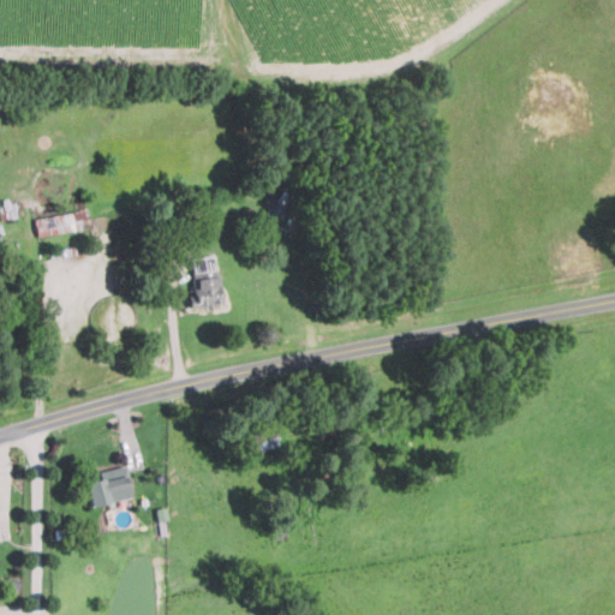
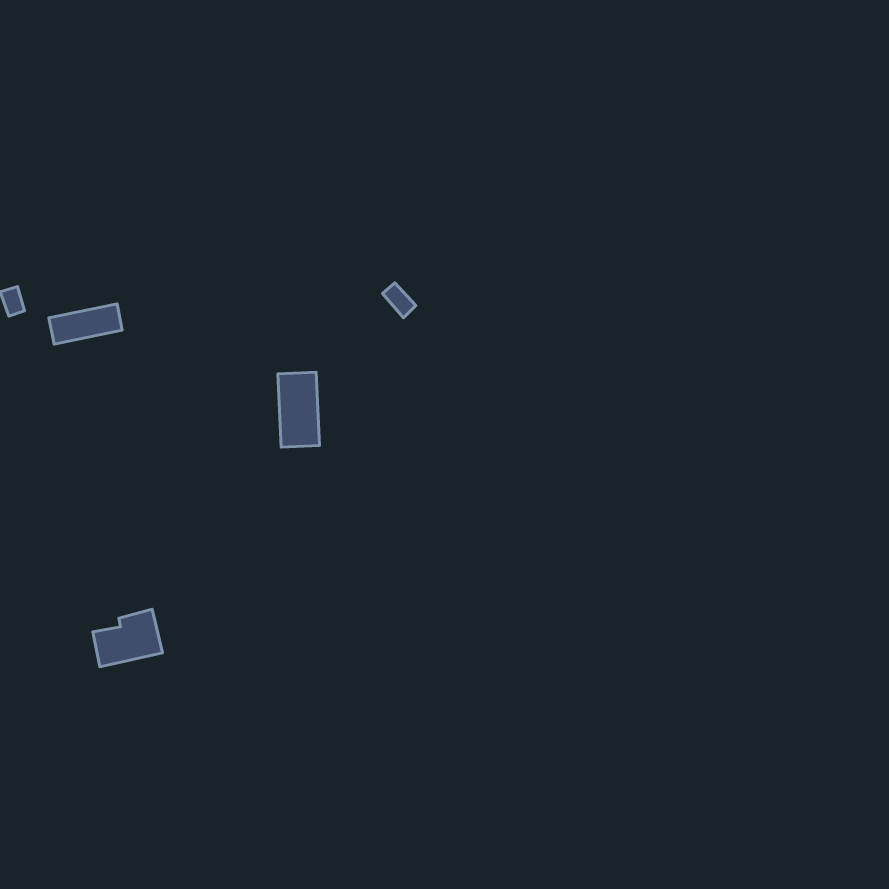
building: [88,468,136,508] -> [93,609,163,667]

